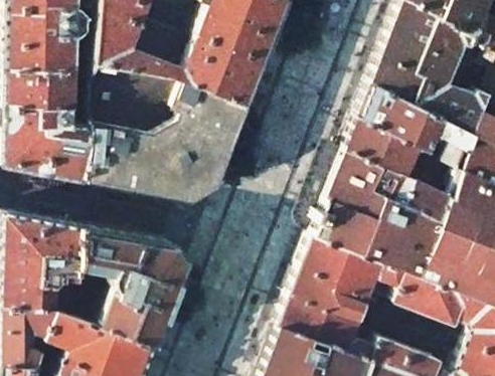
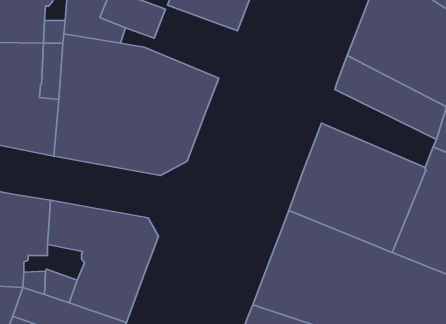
building: [151,33,266,105] -> none
building: [348,116,461,192] -> none

